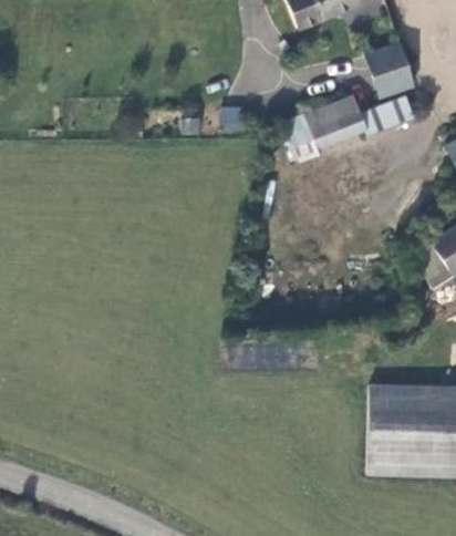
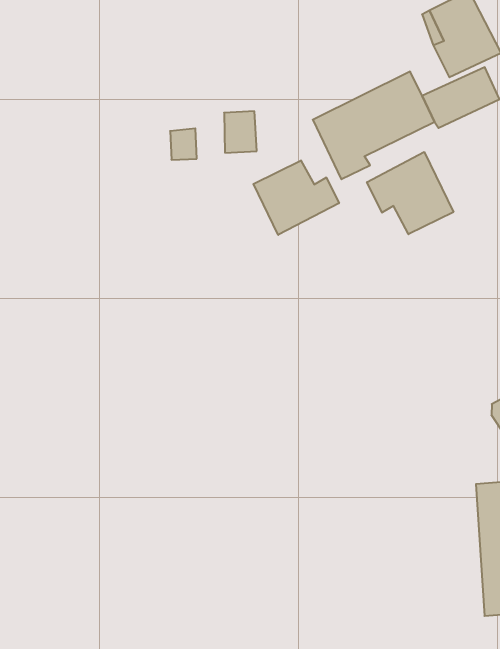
building: none -> [253,160,339,235]
building: none -> [367,152,453,234]

